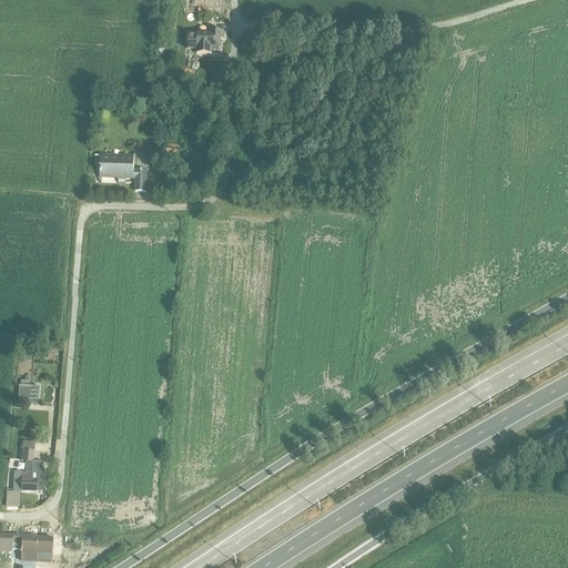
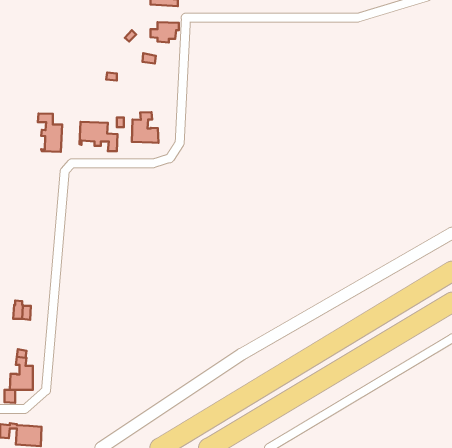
building: none -> [132,112,158,143]
building: none -> [38,113,62,152]

